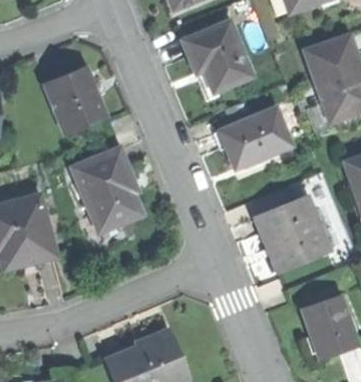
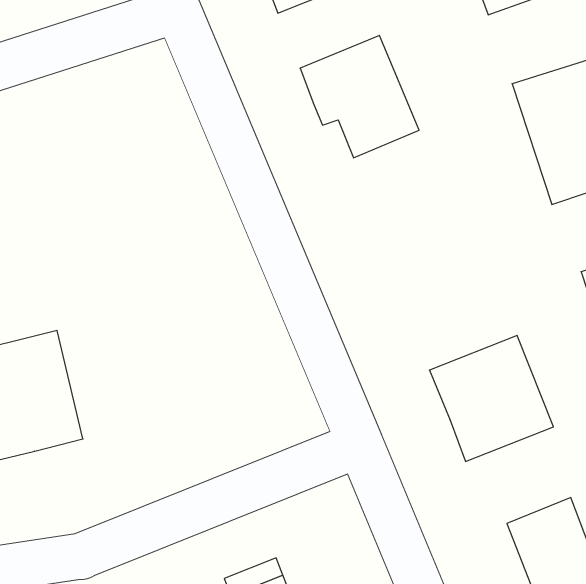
building: [44,68,104,133] -> none
building: [219,109,290,169] -> none
building: [72,150,139,232] -> none

